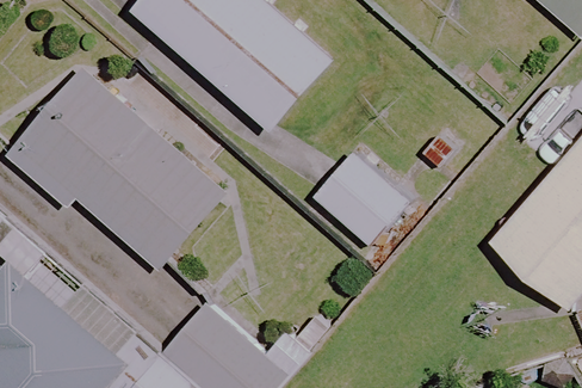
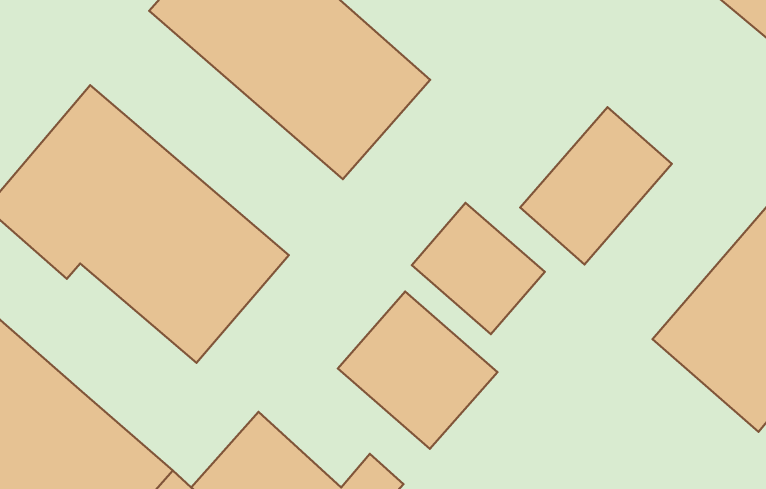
building: none -> [520,107,672,264]
building: none -> [338,292,497,449]

